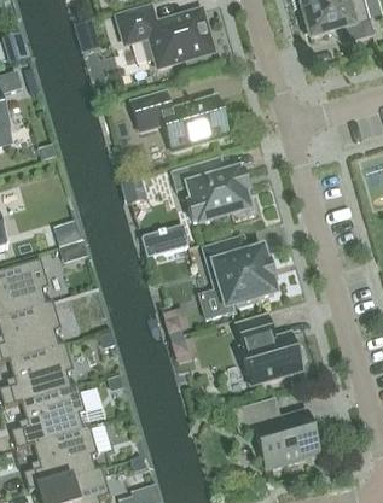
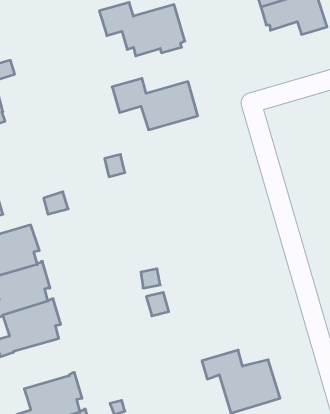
building: [188,159,256,222] -> none
building: [141,224,188,257] -> none
building: [198,235,274,316] -> none
building: [237,315,302,384] -> none
building: [12,381,86,448] -> none

